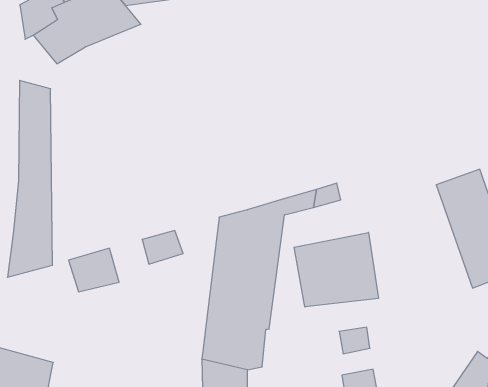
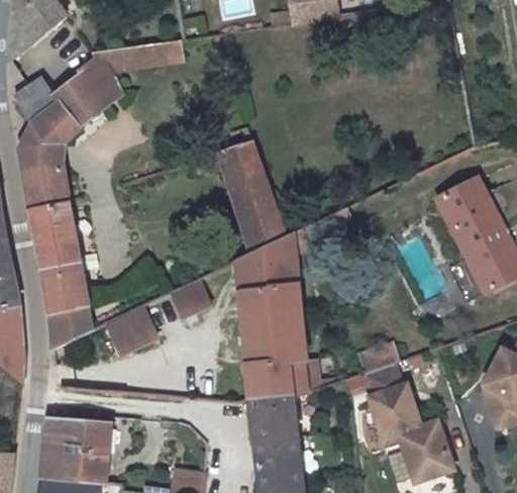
building: none -> [27,121,63,169]
building: none -> [209,128,296,253]
building: [294,232,378,307] -> none

